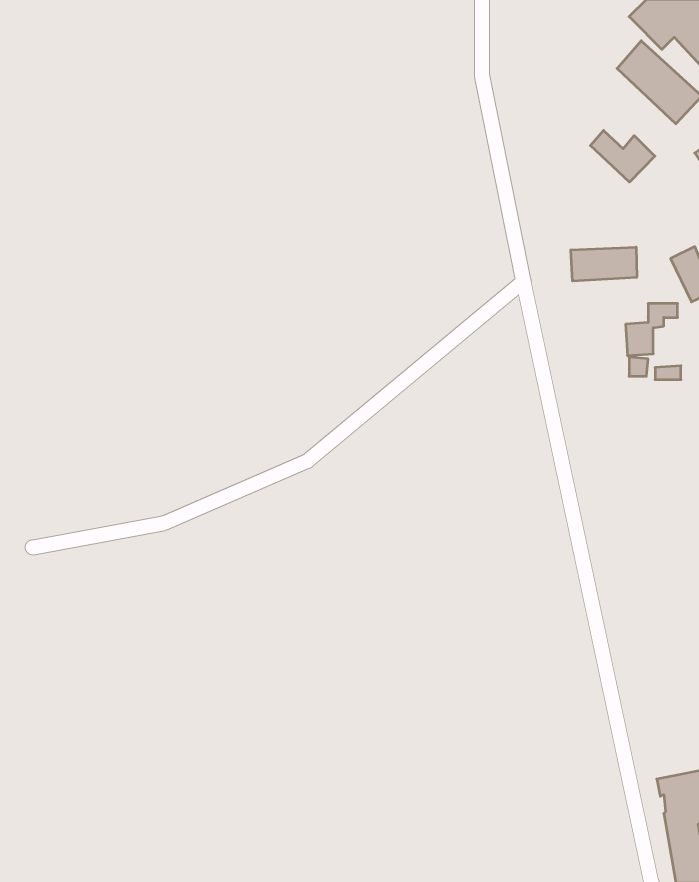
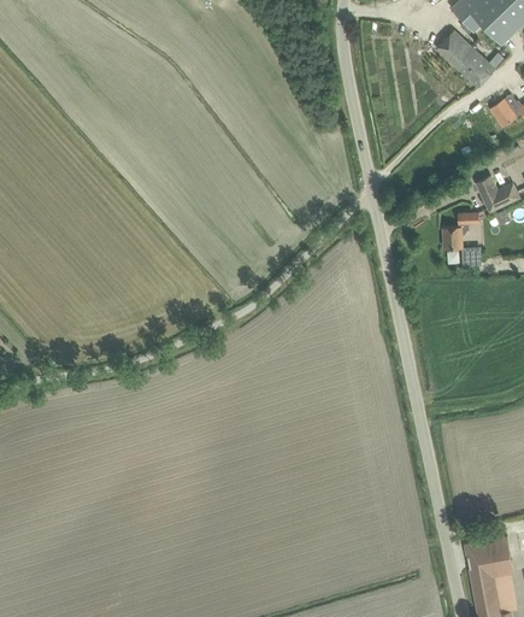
building: [590,130,655,182] -> none
building: [571,247,637,281] -> none

